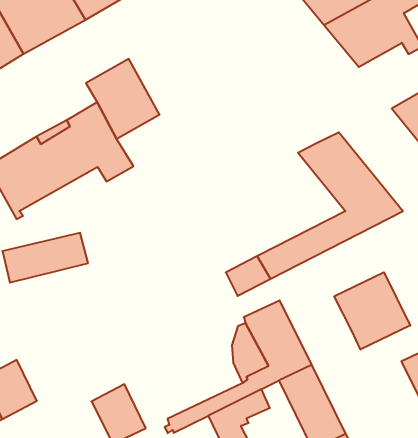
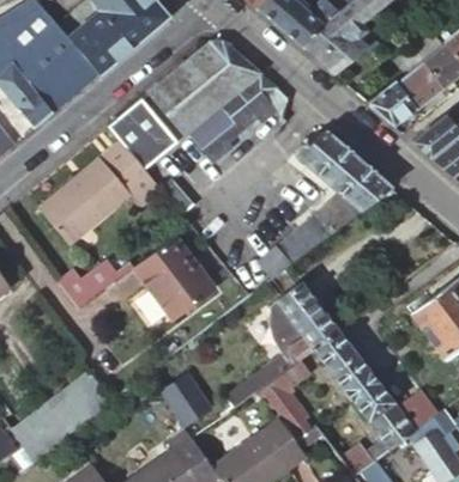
building: none -> [149,42,289,158]
building: none -> [135,236,216,317]
building: [334,272,410,350] -> none

